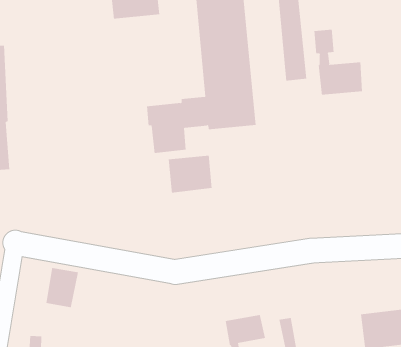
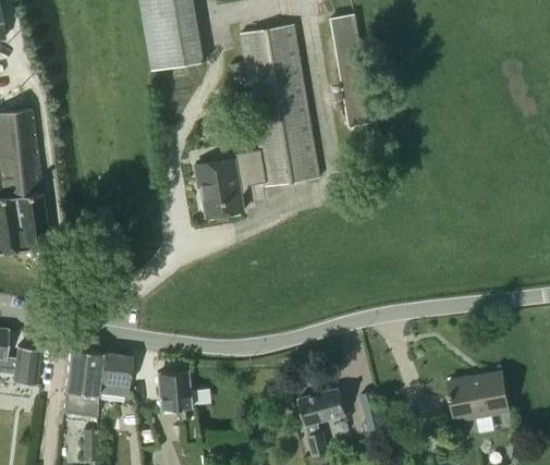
building: [314,29,363,96] -> none
building: [168,155,212,194] -> none
building: none -> [62,348,101,416]
building: none -> [155,371,191,416]

